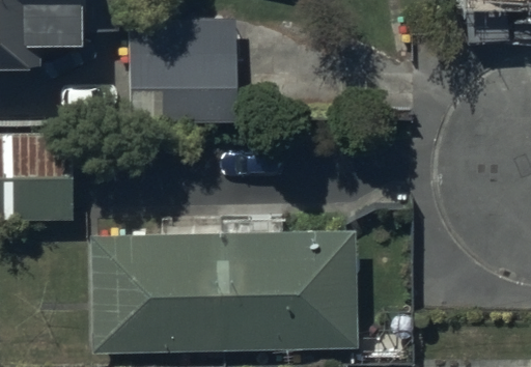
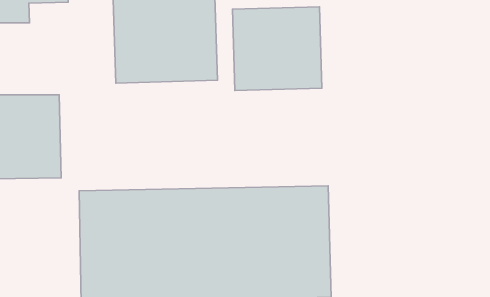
building: none -> [232,7,322,91]

